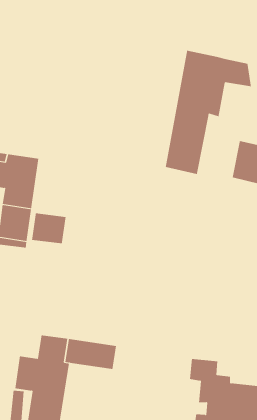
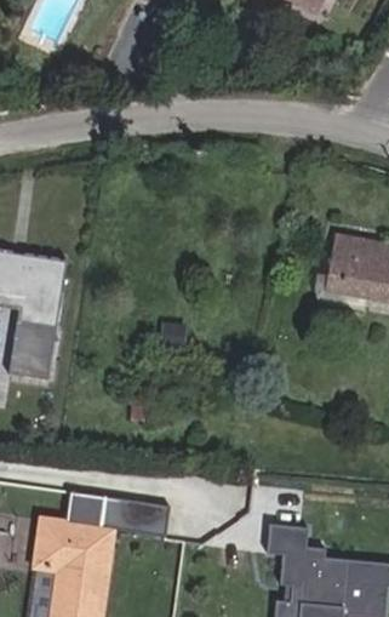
building: [165,50,251,175] -> none
building: [32,213,66,244] -> none

